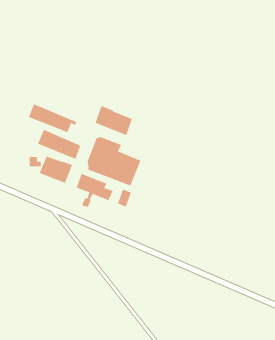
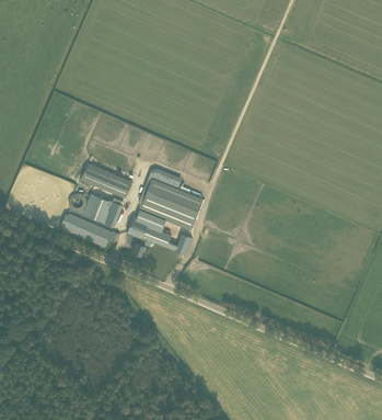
building: [28,103,77,133] -> [58,211,116,246]
building: [95,105,133,136] -> none

